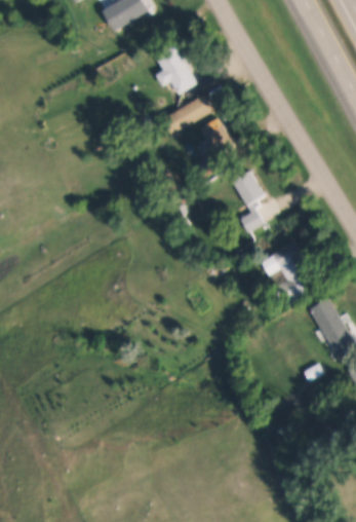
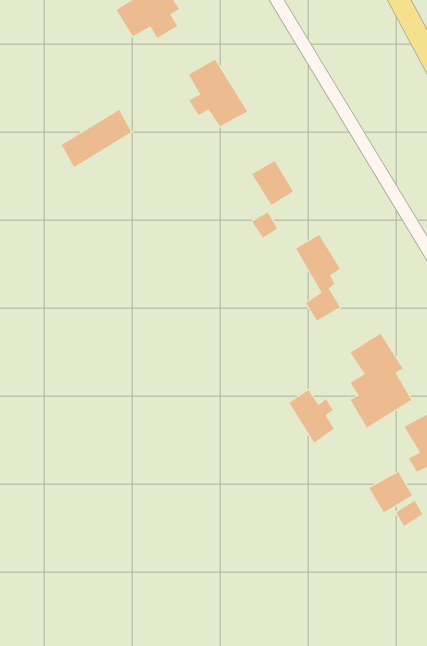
building: [162,92,213,135] -> [61,109,132,168]
building: none -> [289,389,334,443]
building: none -> [368,471,413,513]

